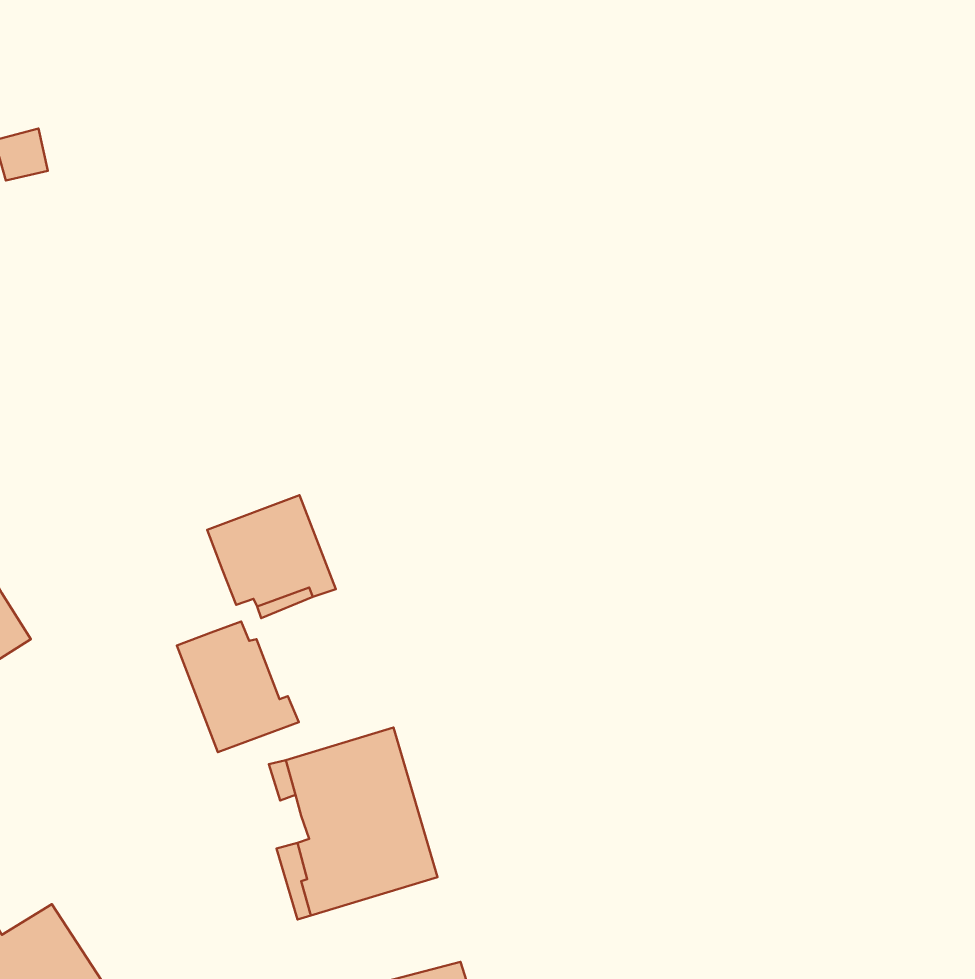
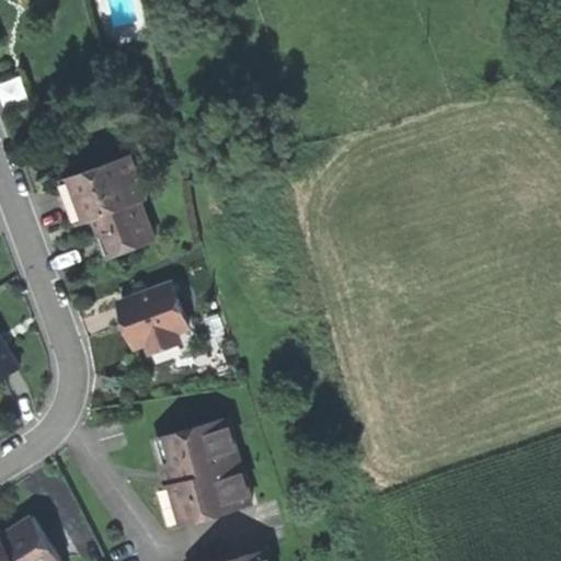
building: none -> [68,158,152,256]
building: [177,621,299,752] -> none

